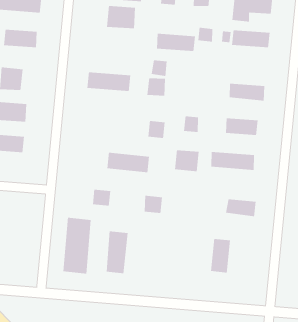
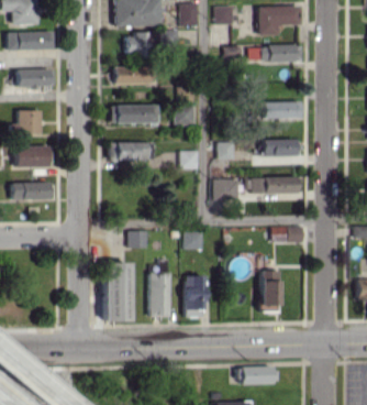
building: [156,33,196,52] -> [114,66,156,84]
building: [106,152,150,173] -> [109,142,154,160]
building: none -> [186,275,207,317]

